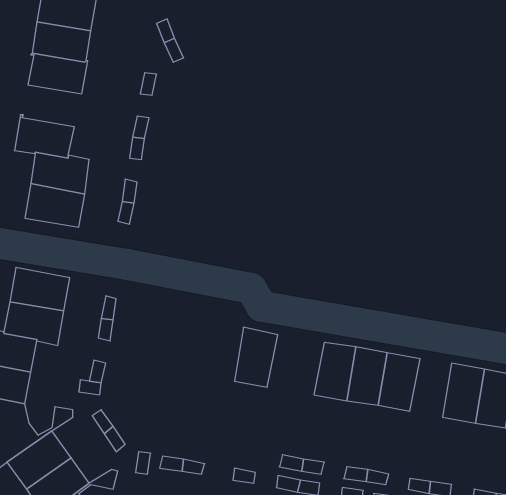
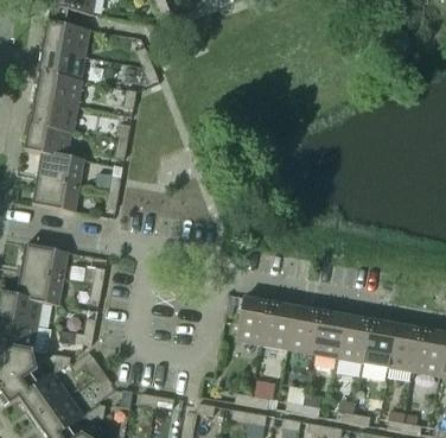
building: none -> [30,99,77,133]
building: [234,327,278,387] -> [235,297,269,344]
building: none -> [337,316,370,362]

